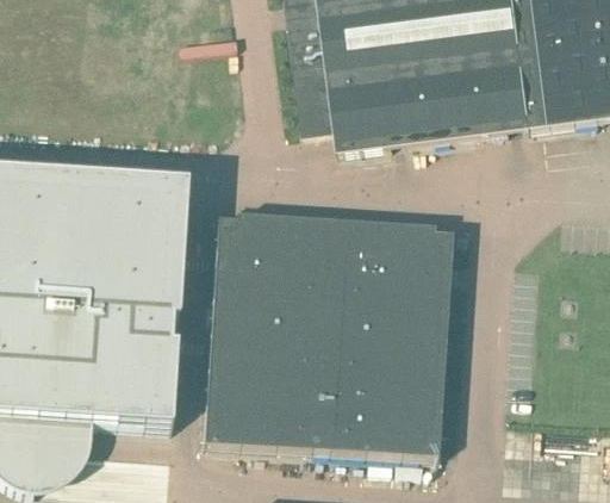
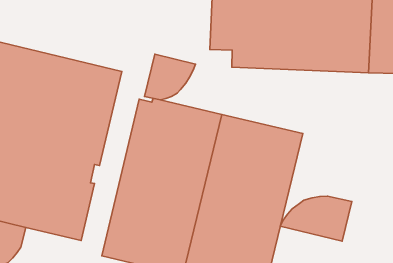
building: none -> [145,54,196,100]
building: none -> [280,196,352,241]

